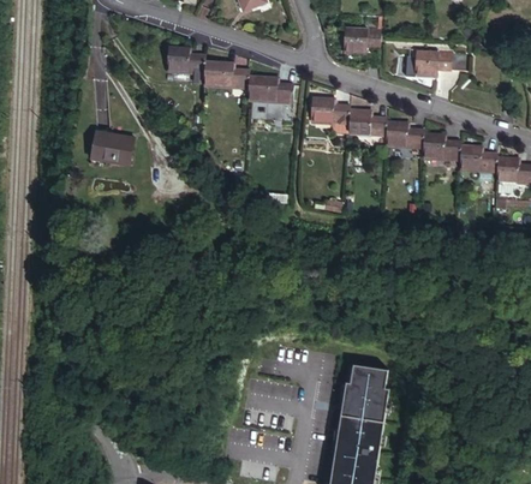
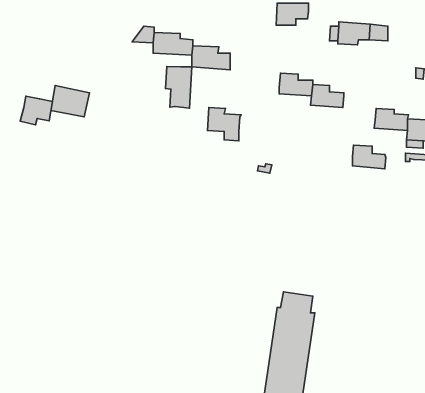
building: [159,48,192,73] -> none
building: [312,98,351,137] -> [208,108,241,141]
building: none -> [166,66,192,108]
building: [422,136,460,163] -> [352,145,386,169]
building: none -> [20,96,52,125]

